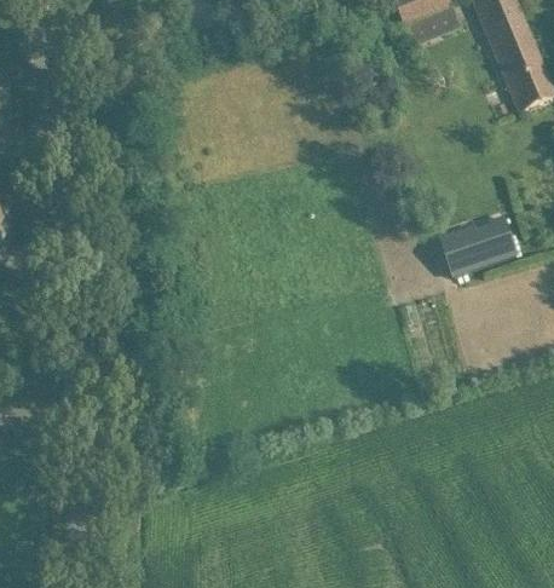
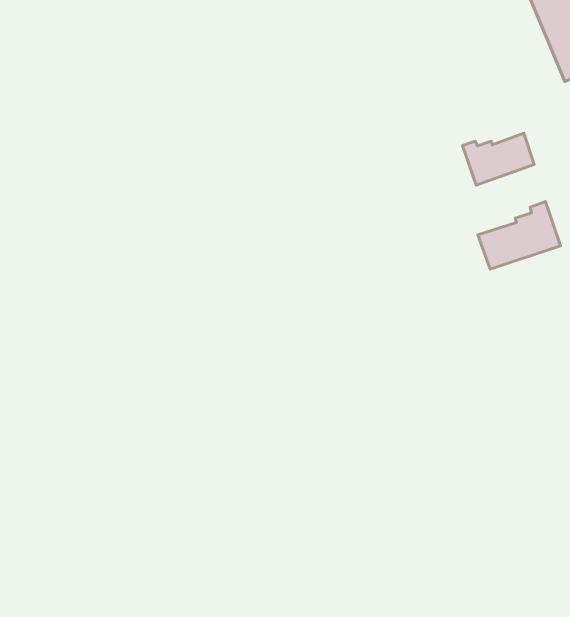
building: none -> [463,133,534,185]

